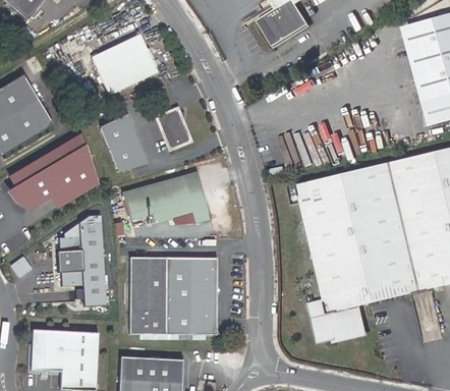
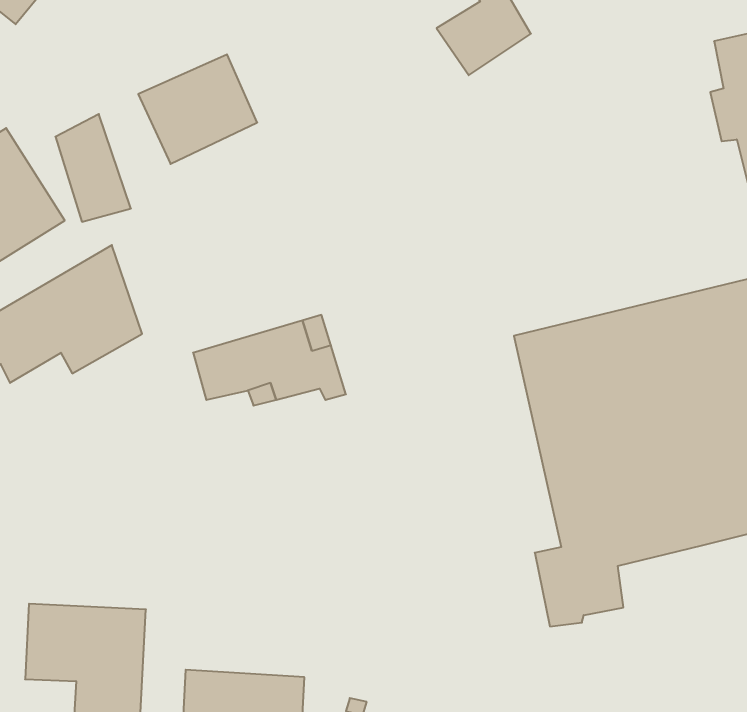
building: [158,109,188,148] -> none
building: [103,113,144,171] -> [55,114,131,222]
building: [57,221,106,306] -> none
building: [132,256,221,333] -> none

